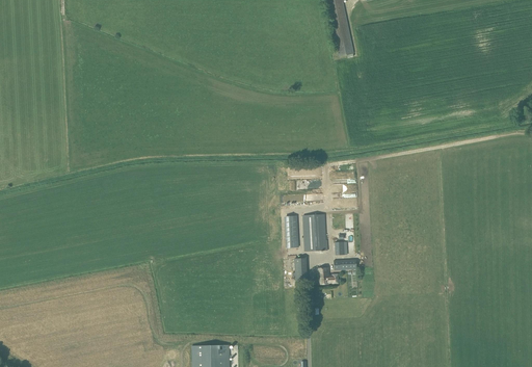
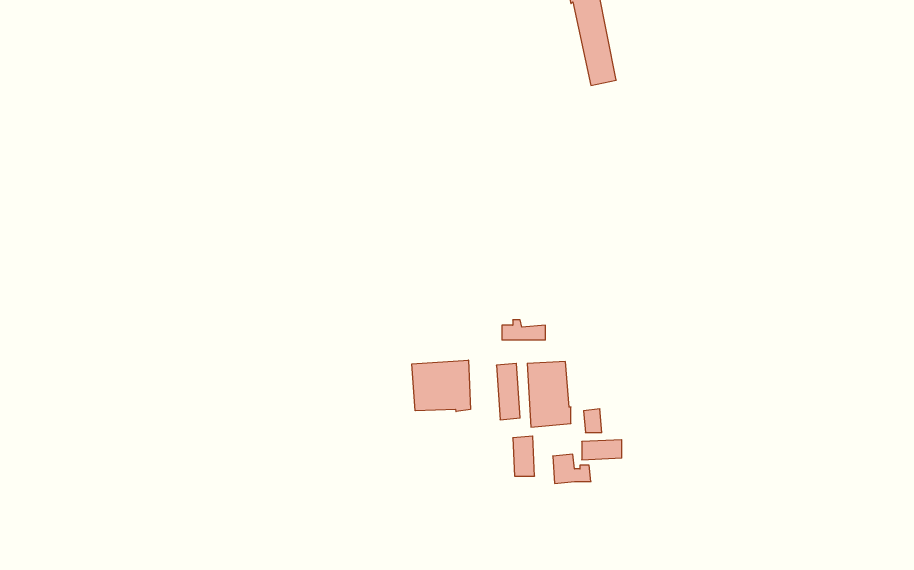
building: none -> [412,360,470,412]

